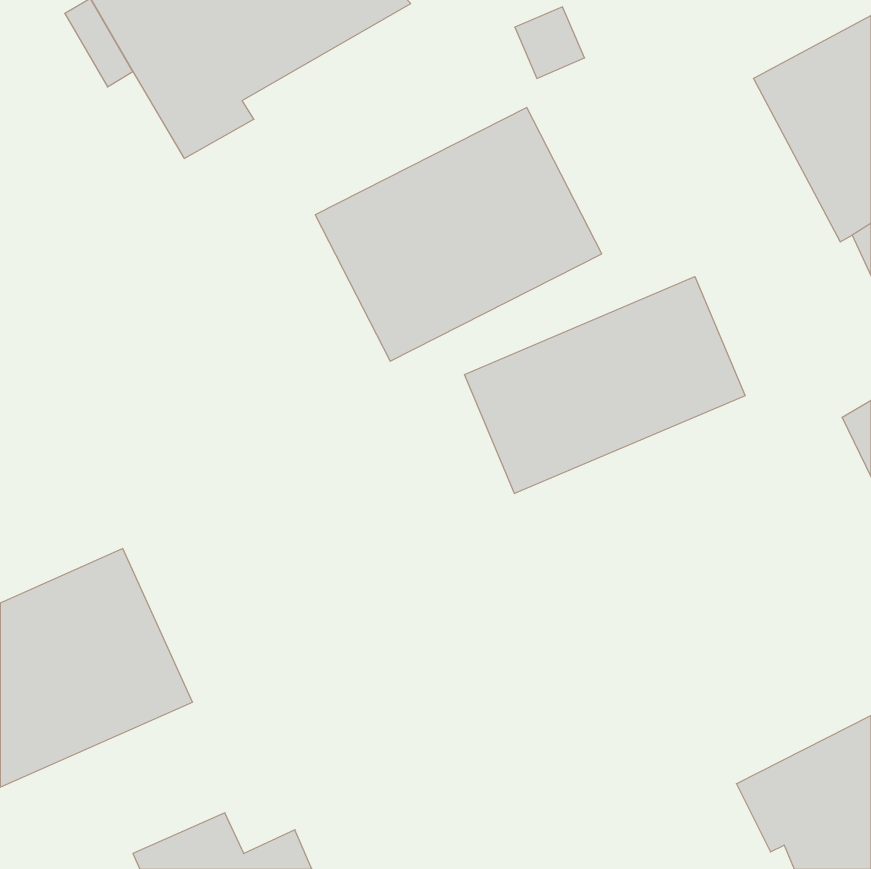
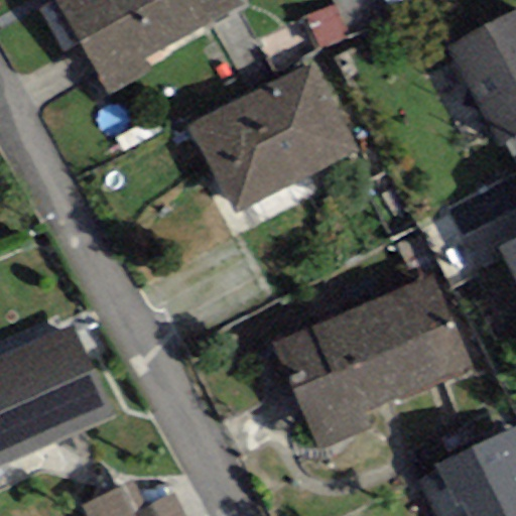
building: [465,277,745,494] -> none
building: none -> [272,274,473,450]

